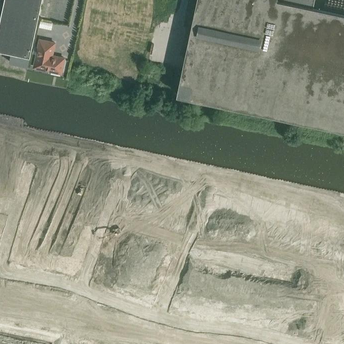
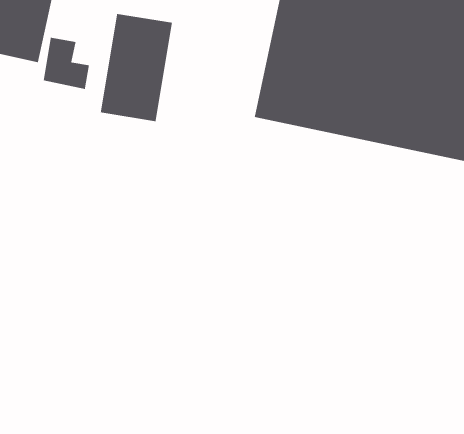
building: none -> [100,13,173,122]

